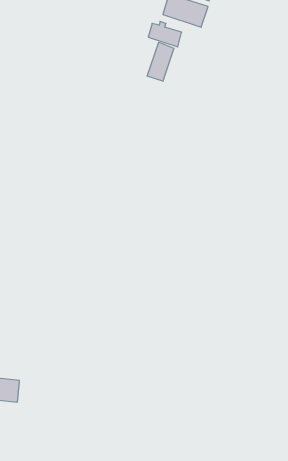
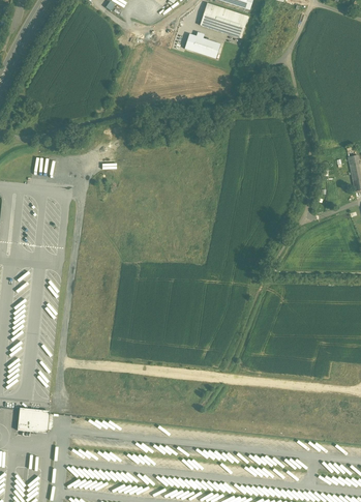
building: [147,42,174,81] -> none

